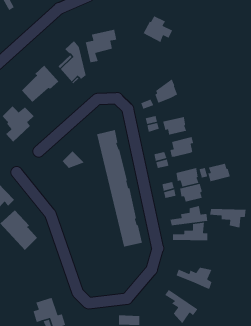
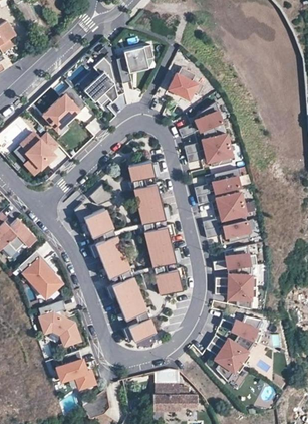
building: [142,15,173,43] -> [168,67,203,99]
building: none -> [202,125,229,151]
building: [207,163,231,182] -> [216,187,243,209]
building: none -> [74,203,155,341]
building: [209,208,246,229] -> [214,286,256,309]
building: none -> [38,300,80,347]
building: none -> [211,335,254,365]

